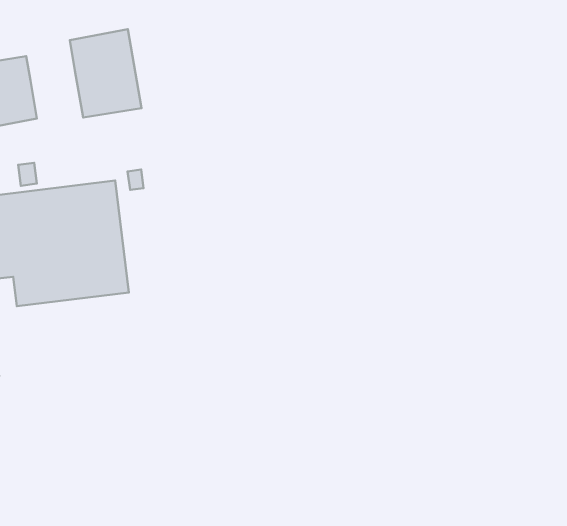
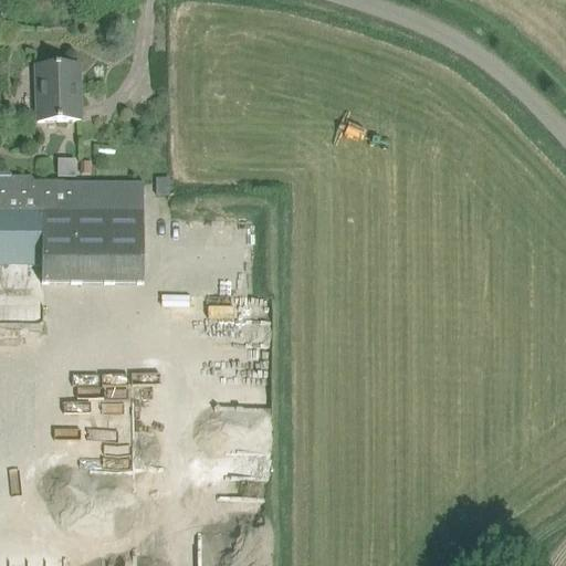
building: [70,29,142,118] -> none

